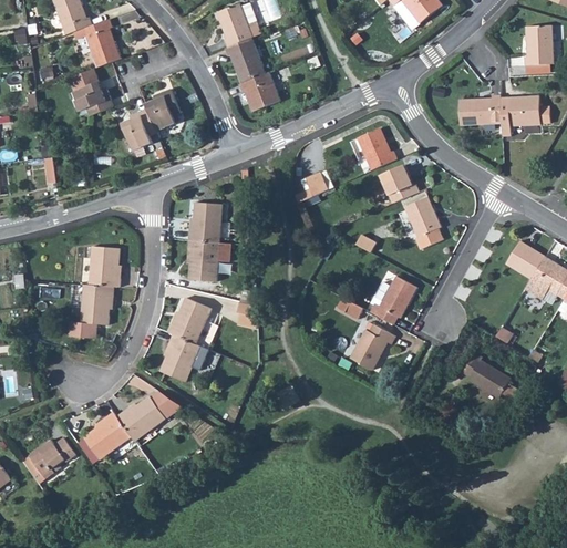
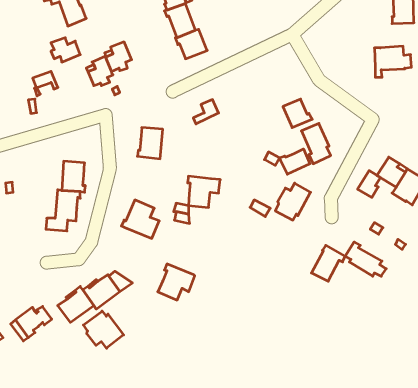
building: [69,69,102,101] -> [33,71,58,96]
building: [458,94,502,125] -> none
building: [358,127,396,169] -> none
building: [295,170,328,203] -> [193,100,219,124]
building: none -> [279,149,310,174]
building: [187,239,230,280] -> [188,176,220,207]
building: none -> [358,171,380,197]
building: [350,321,394,369] -> [311,245,345,281]
building: [159,333,208,381] -> [158,264,195,300]
building: none -> [83,311,124,348]

